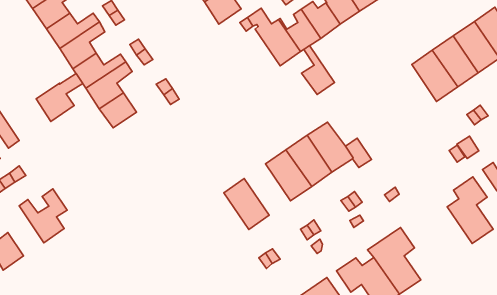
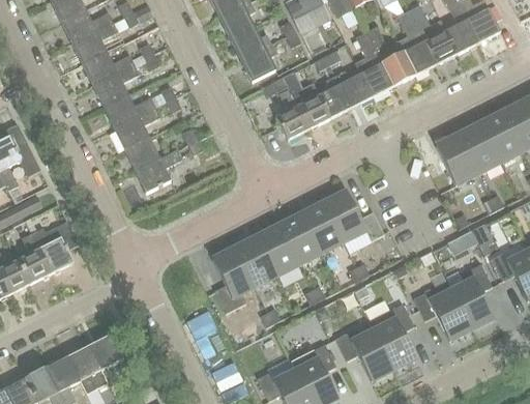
building: [302,46,334,94] -> [275,90,306,139]
building: [36,74,83,121] -> [135,149,182,193]
building: none -> [257,224,299,275]
building: none -> [212,247,255,312]
building: none -> [414,280,472,340]
building: none -> [18,232,52,283]

